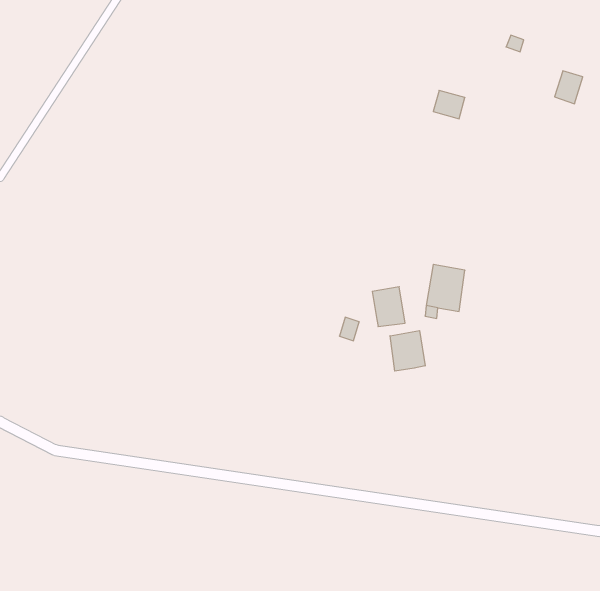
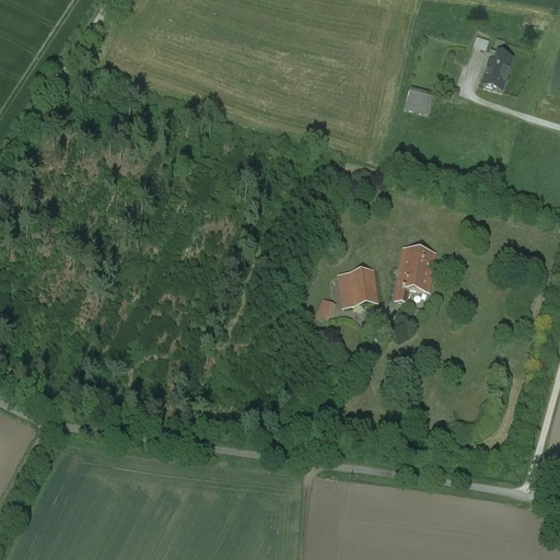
building: [555,71,583,104] -> [481,58,508,89]
building: [390,331,425,371] -> none

